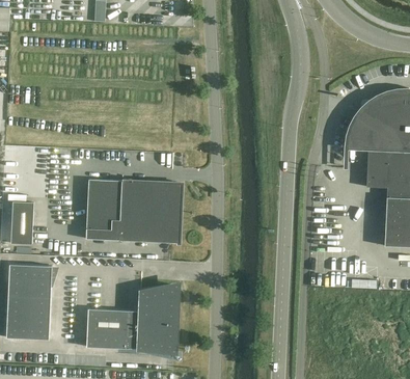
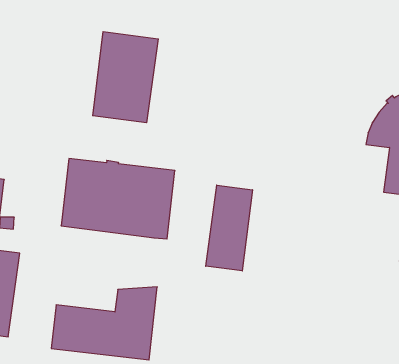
building: none -> [93,32,158,123]
building: none -> [206,185,252,271]

